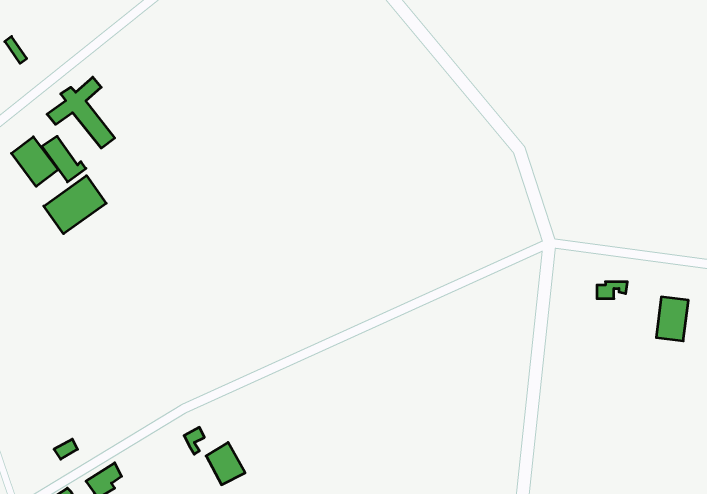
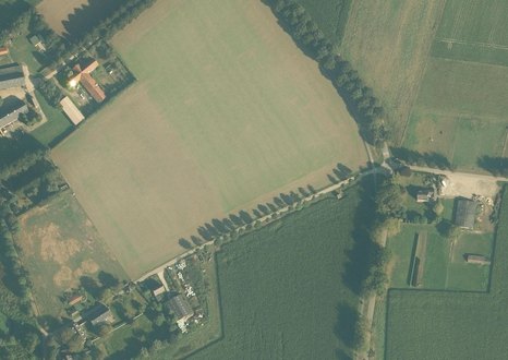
building: [11,137,58,186] -> none
building: [44,176,106,234] -> none

